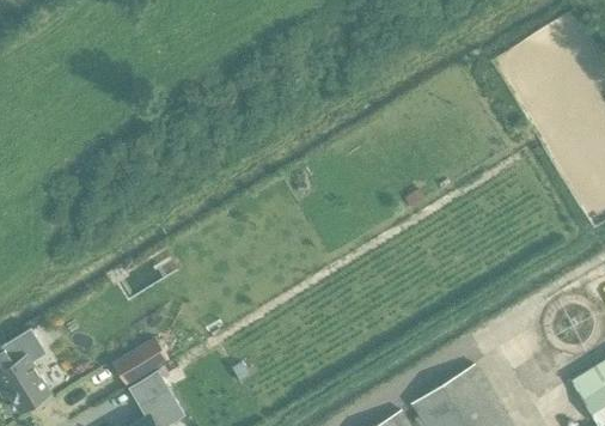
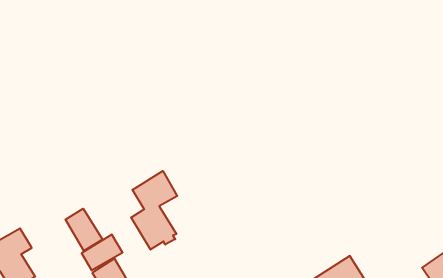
building: none -> [131,171,177,250]
building: none -> [65,209,103,251]

